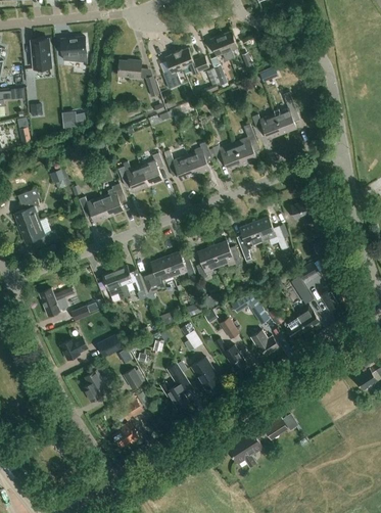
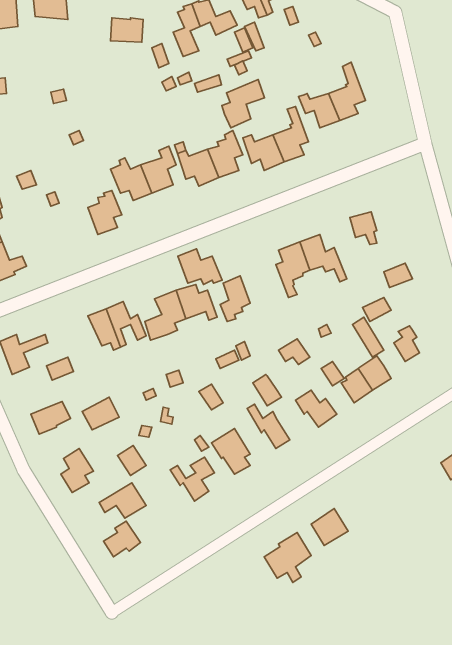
building: none -> [222,79,265,128]
building: [79,197,108,223] -> none
building: [210,241,242,267] -> [178,249,222,285]

